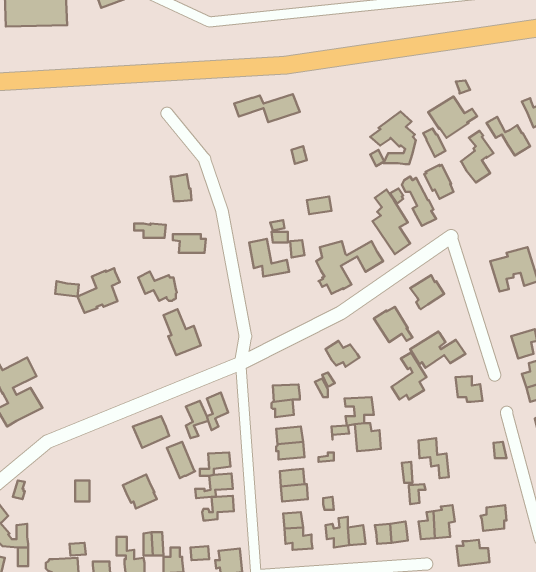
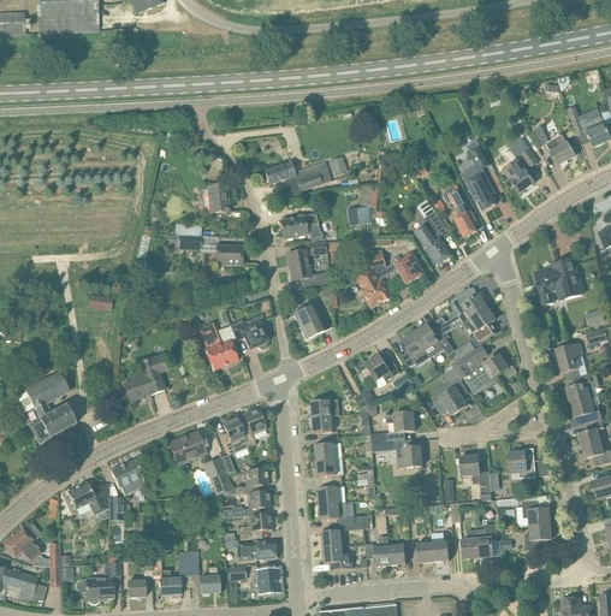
building: [234,94,300,122] -> [265,160,332,189]
building: [428,97,477,138] -> none
building: [370,111,416,164] -> none
building: none -> [281,212,319,237]
building: [78,268,120,313] -> [124,354,167,399]
building: [138,271,177,301] -> [229,318,268,348]
building: none -> [293,303,326,338]
building: none -> [463,306,496,339]
building: none -> [399,331,431,366]
building: [455,376,482,402] -> [509,450,536,476]
building: none -> [67,481,108,514]
building: [123,475,157,509] -> [111,458,146,493]
building: none -> [237,539,275,559]
building: [456,540,489,566] -> [516,499,550,526]

